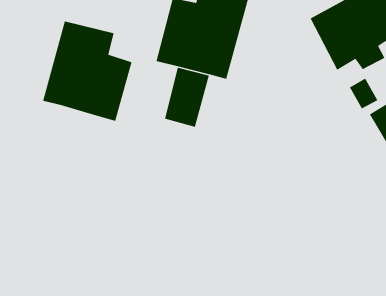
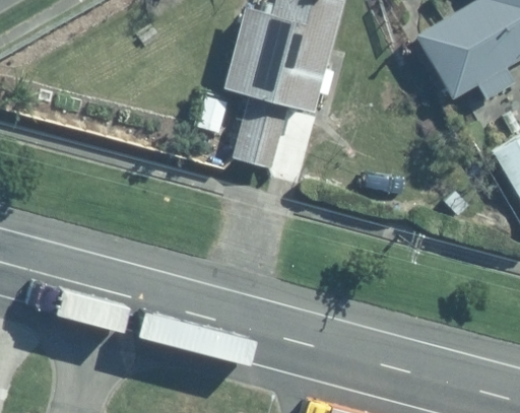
building: [42,21,133,122] -> none

